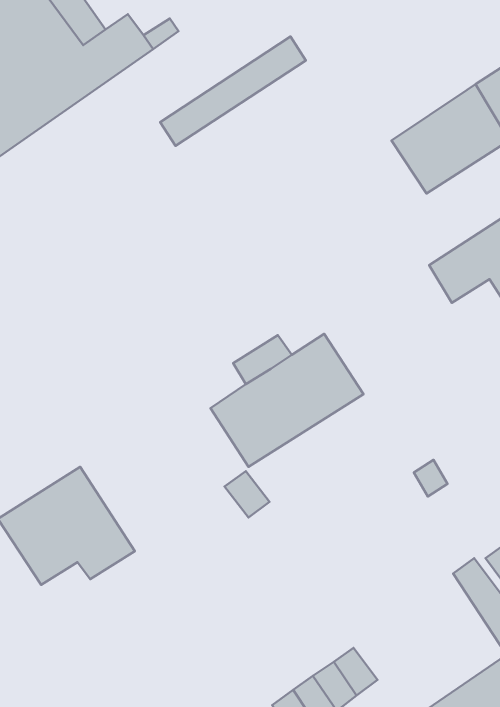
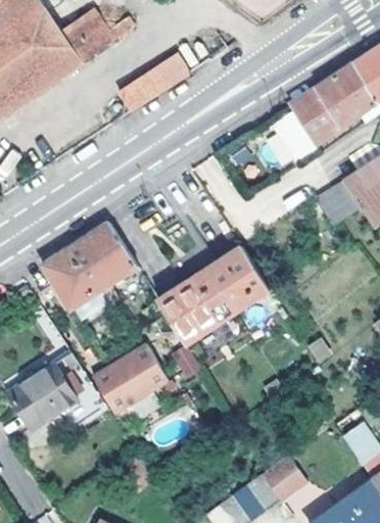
building: none -> [43,222,137,308]
building: none -> [90,345,167,415]
building: none -> [262,456,305,498]

